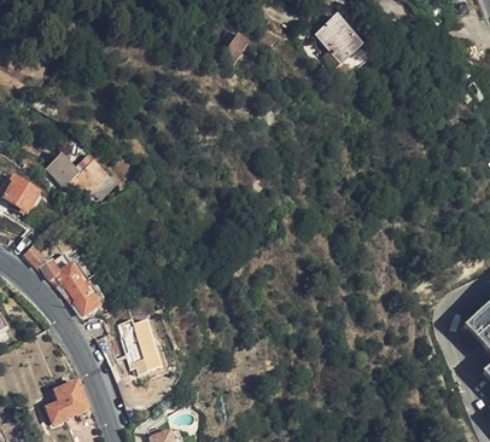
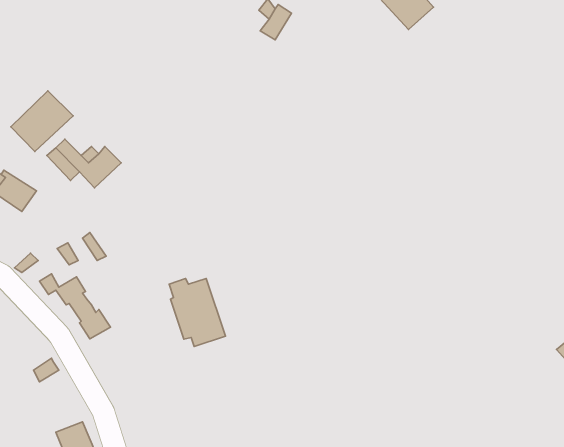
building: none -> [11,91,73,152]
building: [117,320,163,376] -> [169,278,225,346]

